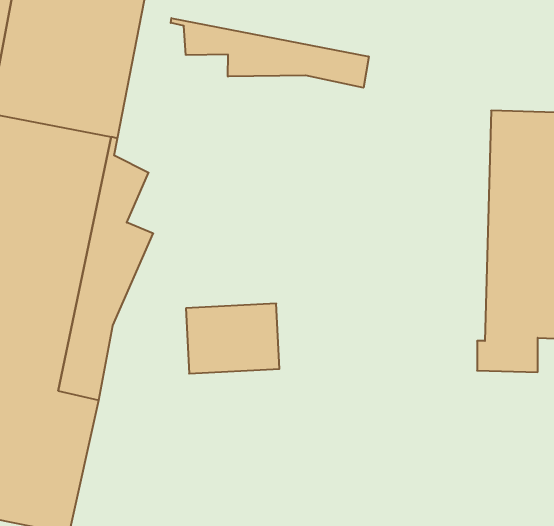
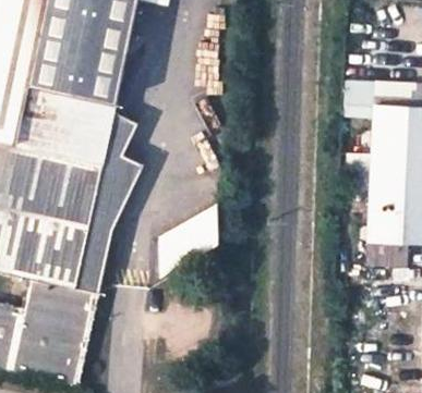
building: [171,18,369,88] -> none

